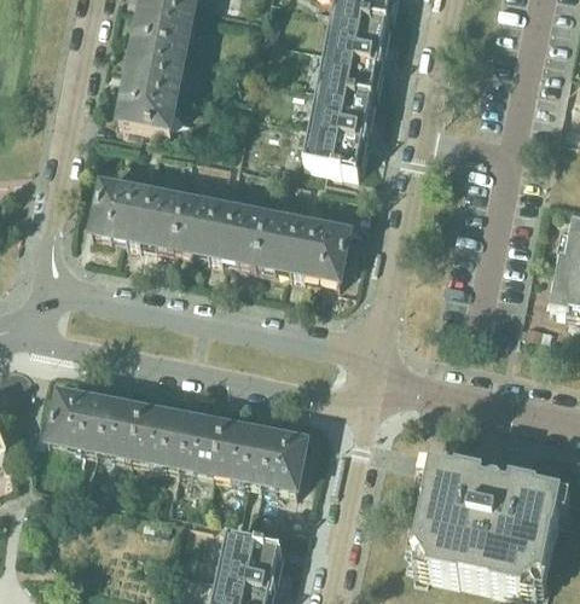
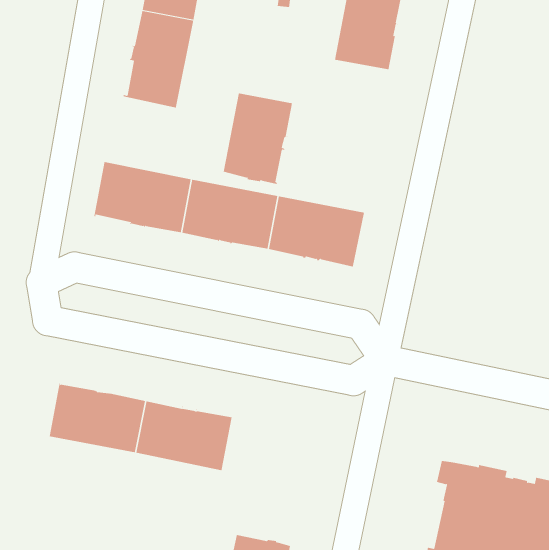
building: [306,82,372,169] -> [223,93,293,185]
building: [214,422,307,488] -> none

